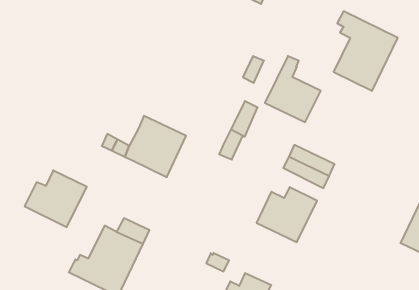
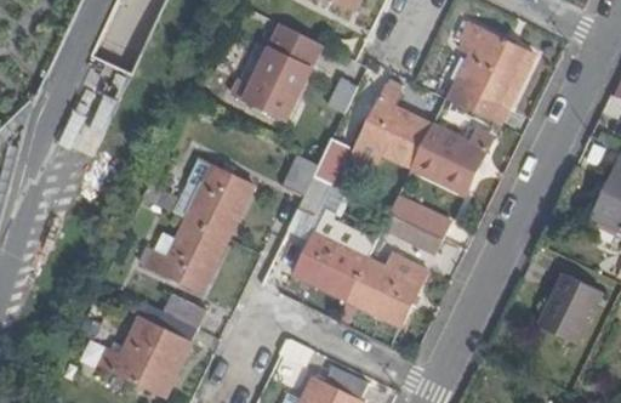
building: none -> [229,24,321,121]
building: none -> [411,125,491,192]
building: none -> [295,210,366,300]
building: [25,170,87,227] -> [146,217,228,293]

